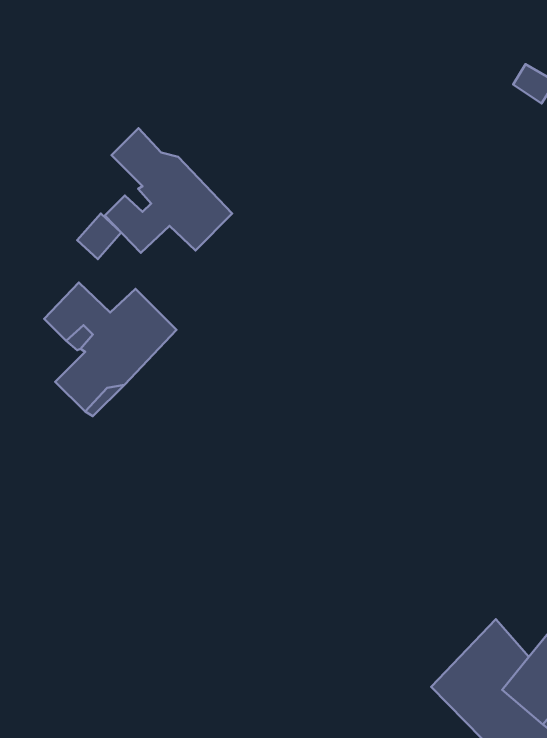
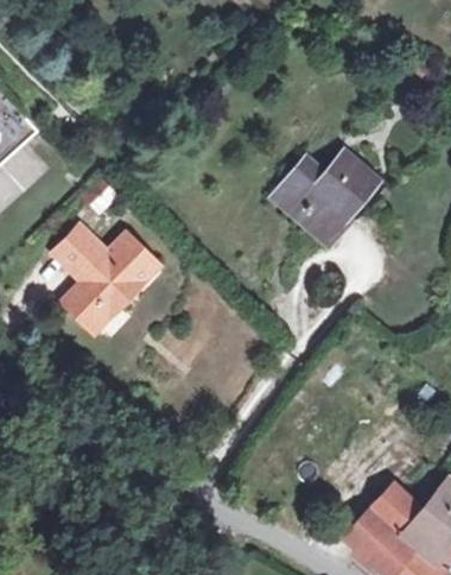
building: [105,128,232,253] -> none
building: none -> [275,154,376,245]

